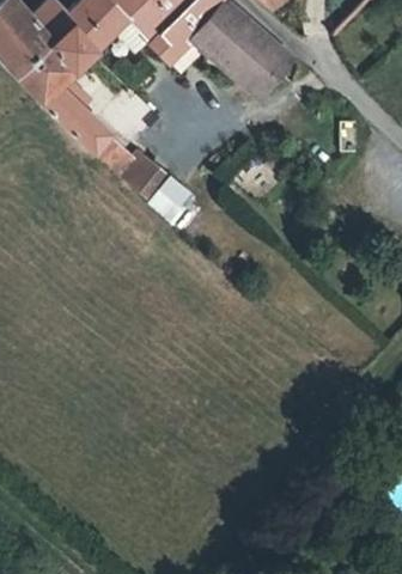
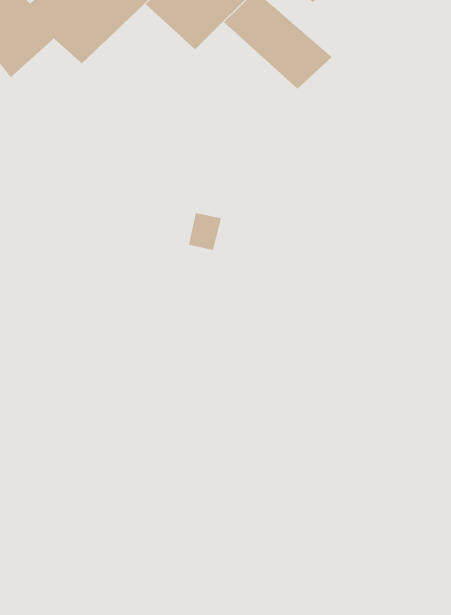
building: [18,47,173,203] -> none

